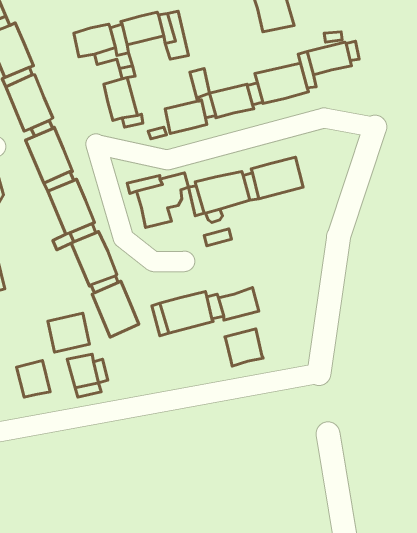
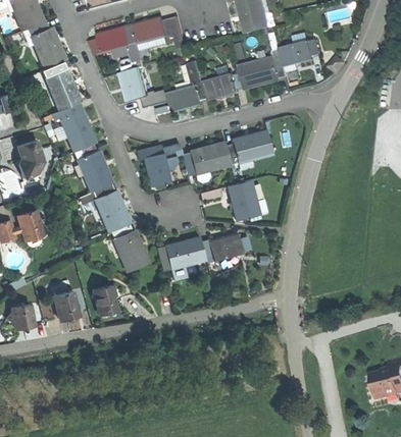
building: none -> [231,180,263,221]
building: [48,313,89,352] -> none
building: [225,329,263,366] -> none

